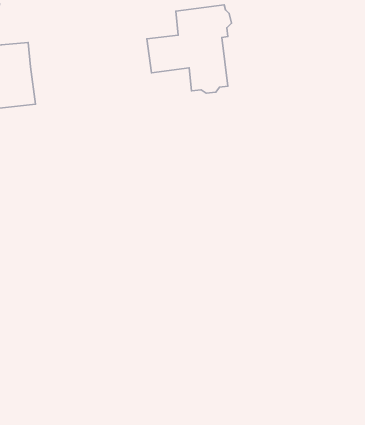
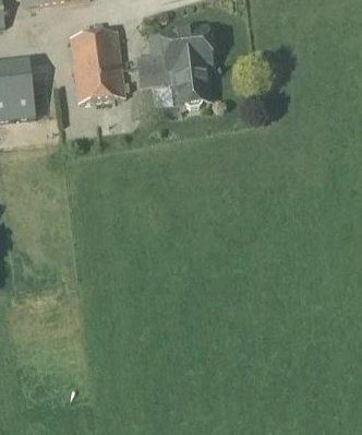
building: none -> [69,30,123,102]

